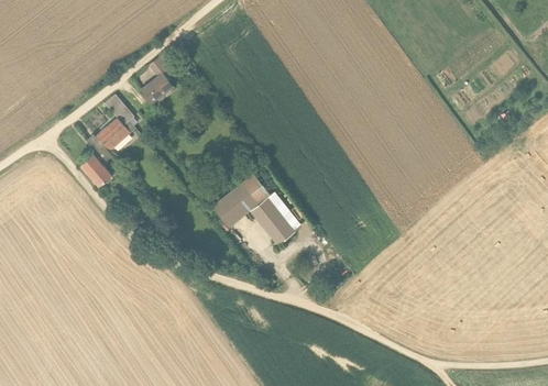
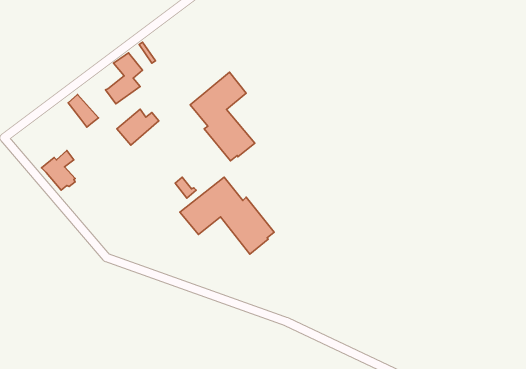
building: none -> [190,72,255,161]
building: [95,119,134,153] -> [117,109,159,145]

